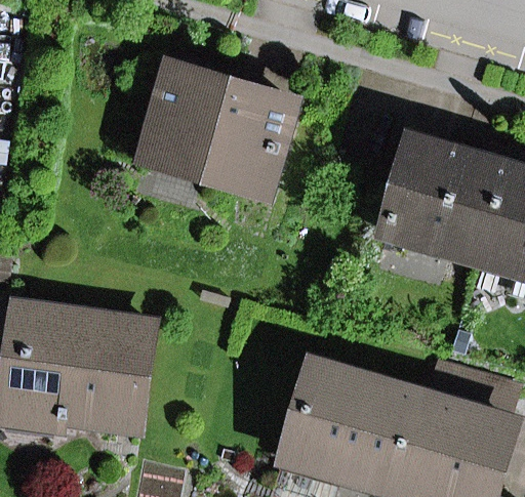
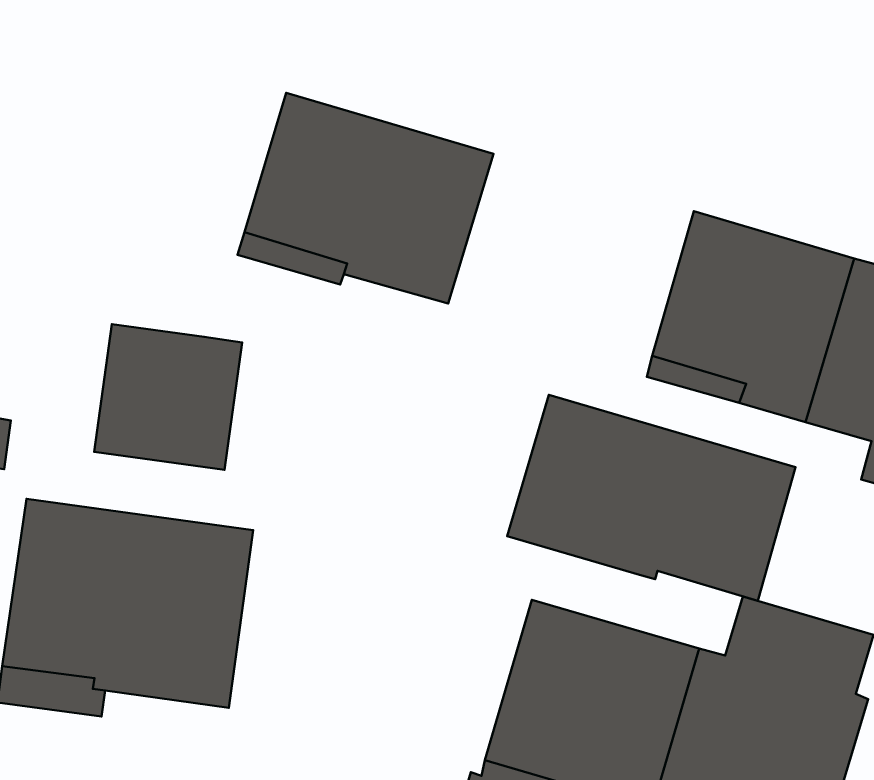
building: none -> [94,324,242,470]
building: none -> [507,395,796,601]

